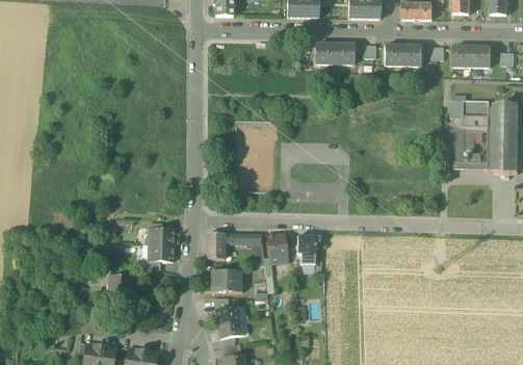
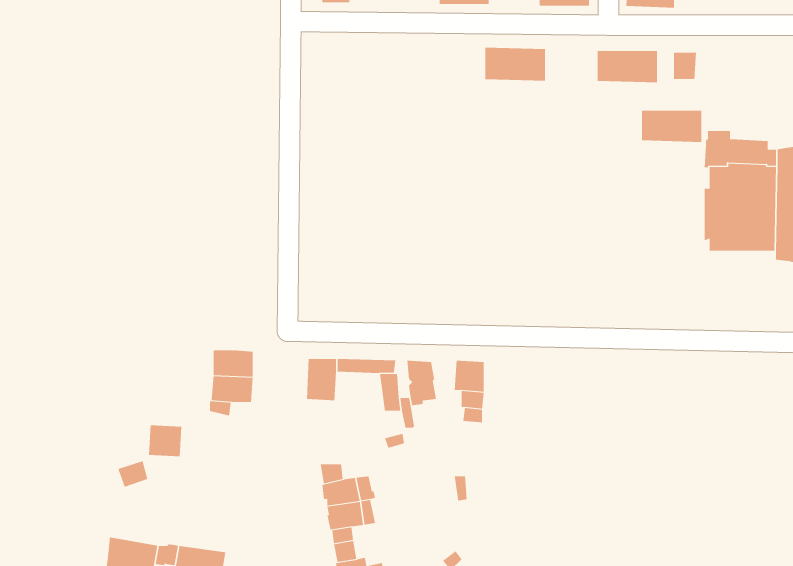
building: [453,46,491,66] -> [641,110,702,142]
building: [212,270,243,292] -> none

